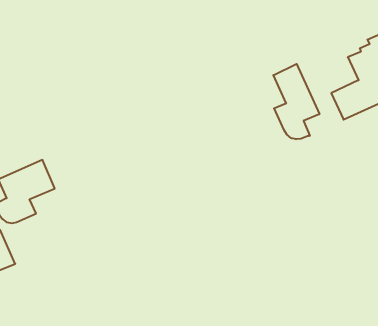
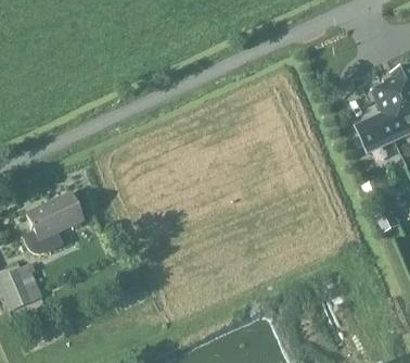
building: [273,64,319,139] -> none

